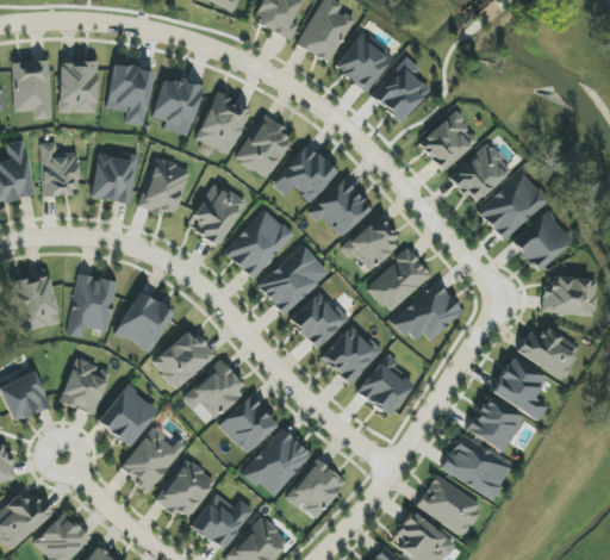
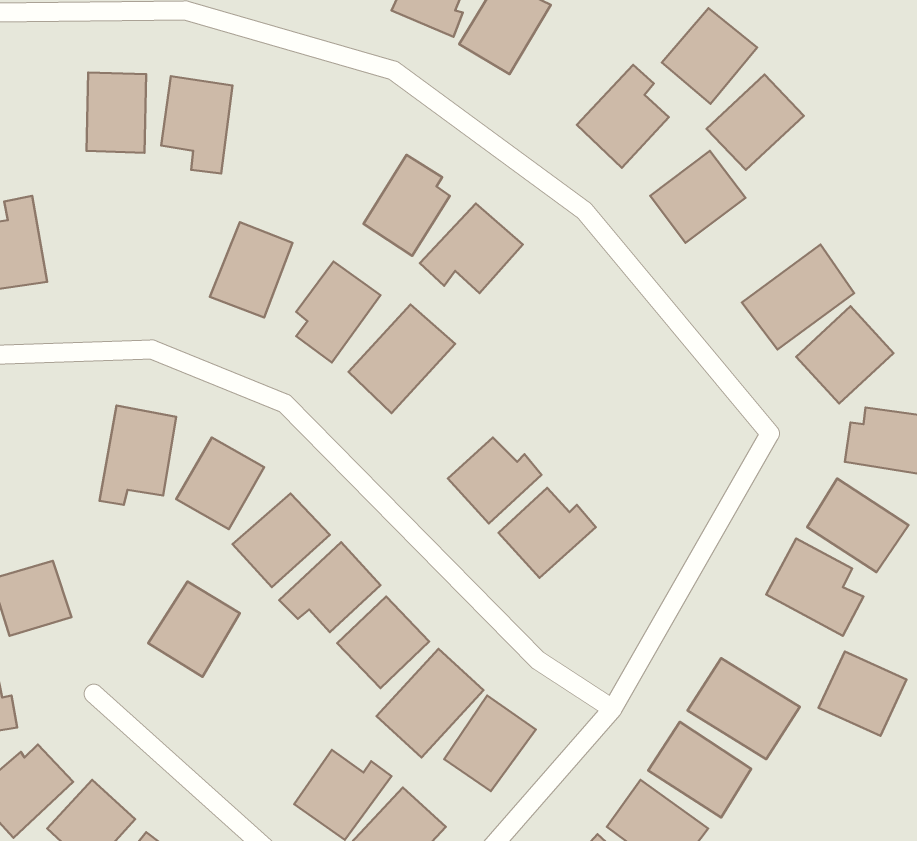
building: [332,30,393,91] -> [662,8,757,104]
building: [12,60,50,118] -> none
building: [151,75,201,135] -> none
building: [195,93,248,153] -> none
building: [41,142,76,194] -> none
building: [449,142,511,203] -> [707,75,804,170]
building: [91,150,138,203] -> none
building: [307,178,371,235] -> none
building: [341,214,400,269] -> none
building: [256,243,328,312] -> none
building: [366,249,430,311] -> none
building: [12,274,58,330] -> none
building: [392,281,462,342] -> none
building: [356,356,416,415] -> none
building: [61,359,107,412] -> none
building: [467,397,523,450] -> [819,652,907,736]
building: [119,427,185,490] -> none
building: [154,458,214,516] -> none

